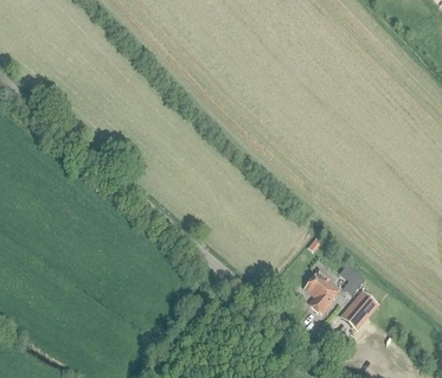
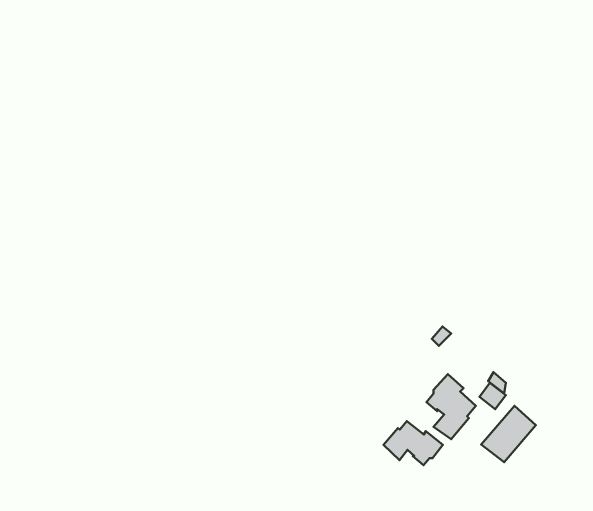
building: none -> [384,421,443,465]

